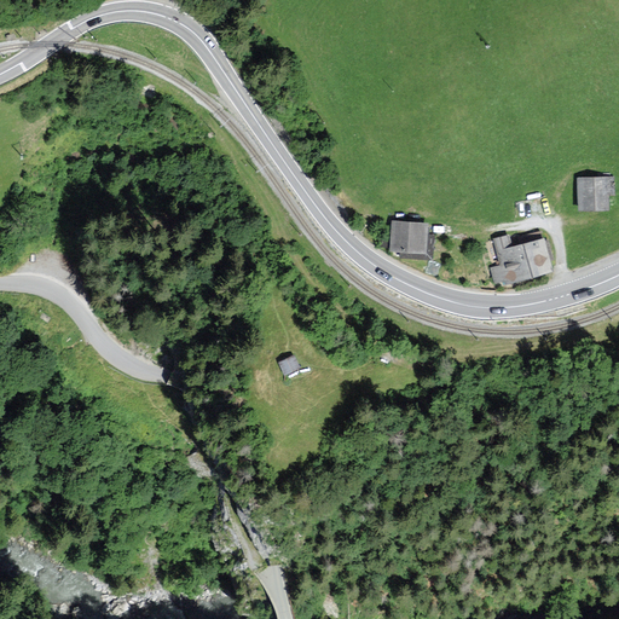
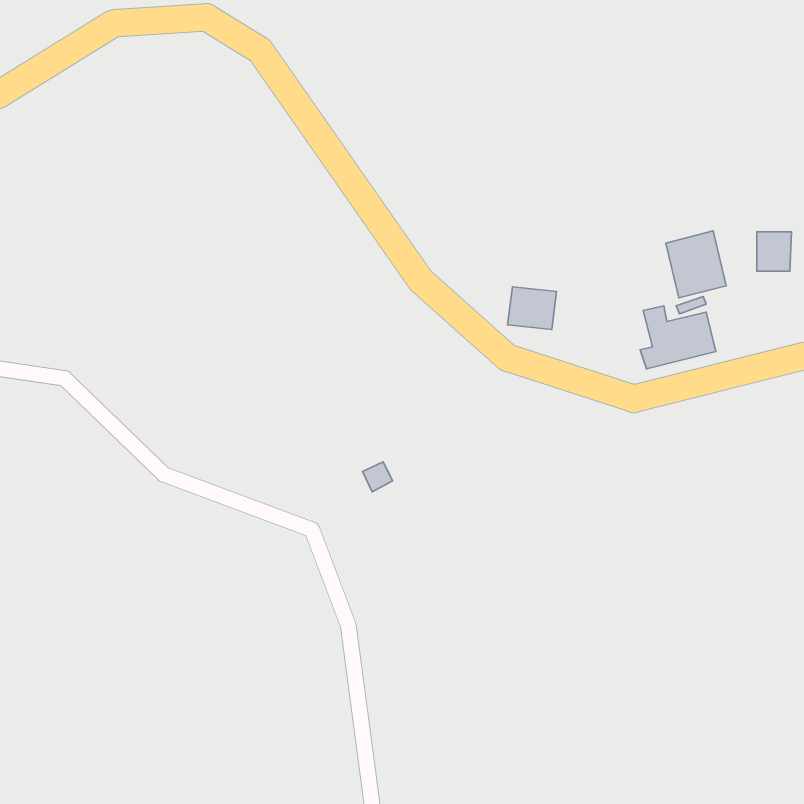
building: none -> [666,231,726,298]

